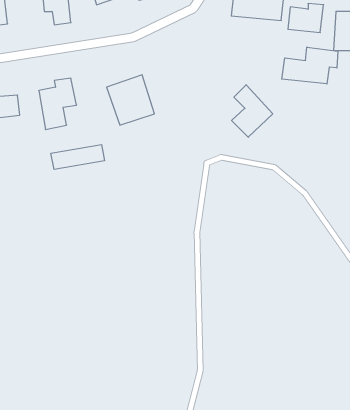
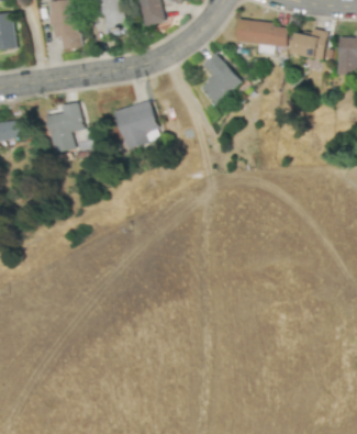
building: [282,47,338,84] -> none
building: [232,85,273,137] -> [200,53,241,104]
building: [51,145,104,169] -> none

